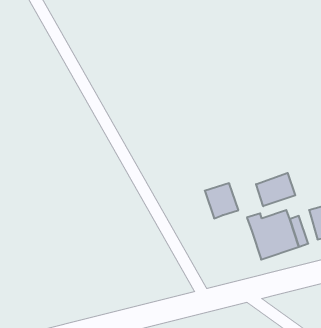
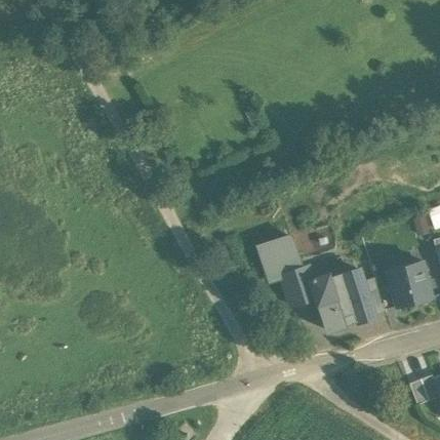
building: [256,173,295,206] -> none
building: none -> [281,268,317,305]

